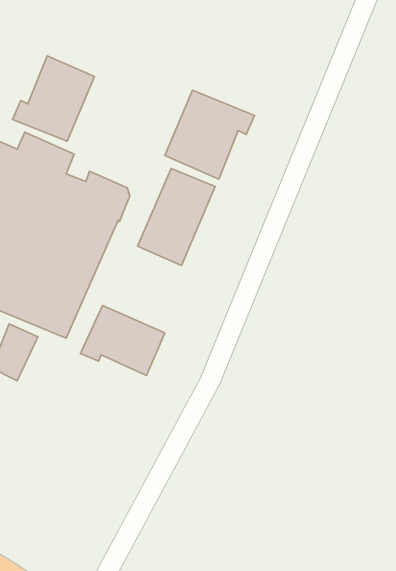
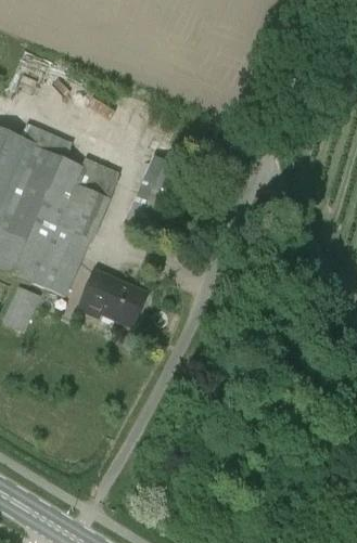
building: [13,56,94,141] -> none
building: [165,90,255,179] -> none

